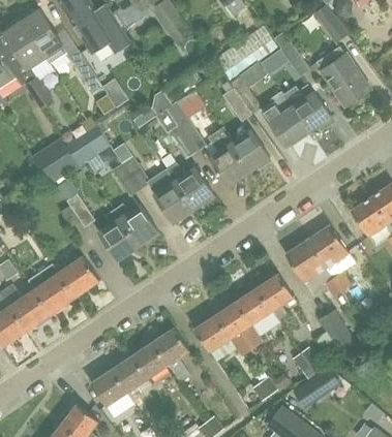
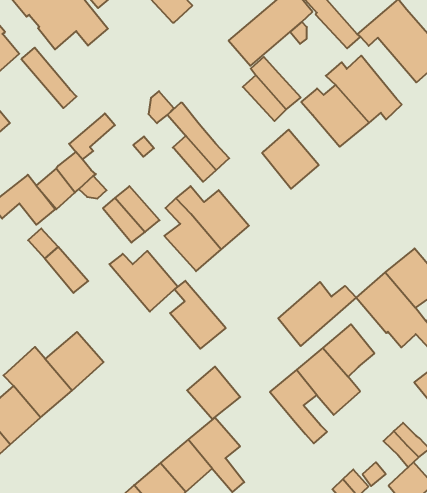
building: [207,128,247,185] -> none
building: [98,210,137,259] -> [170,281,226,349]
building: none -> [278,282,356,346]
building: [193,314,231,351] -> [187,367,240,419]

